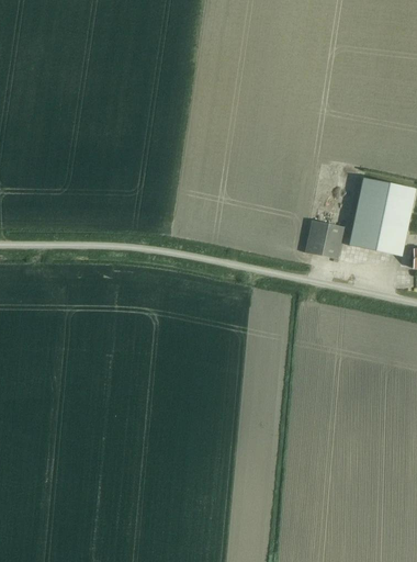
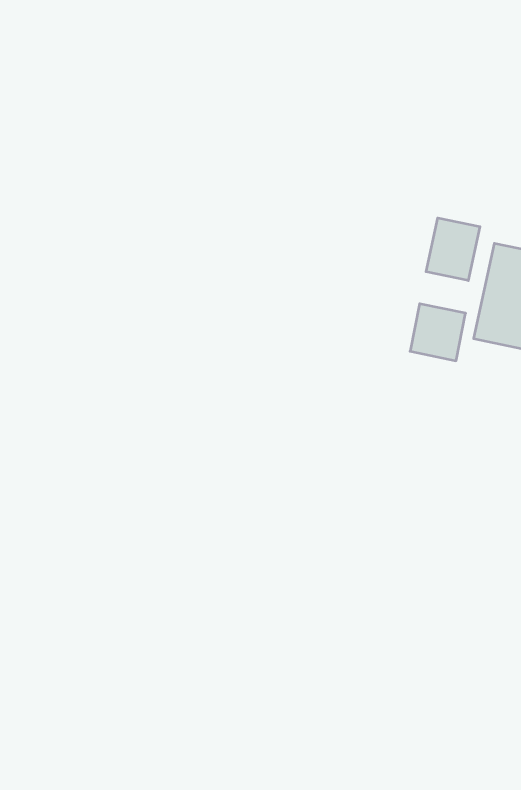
building: none -> [426,218,480,281]

